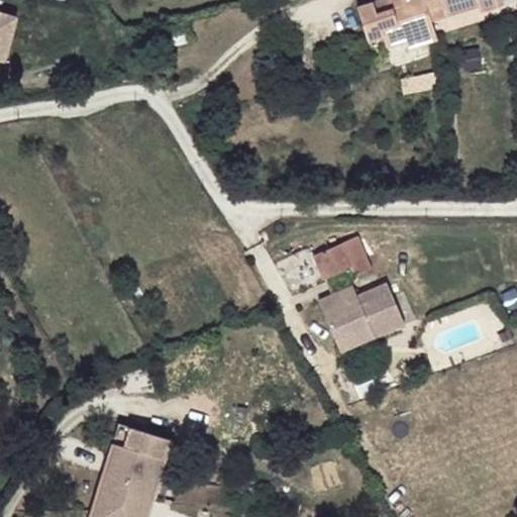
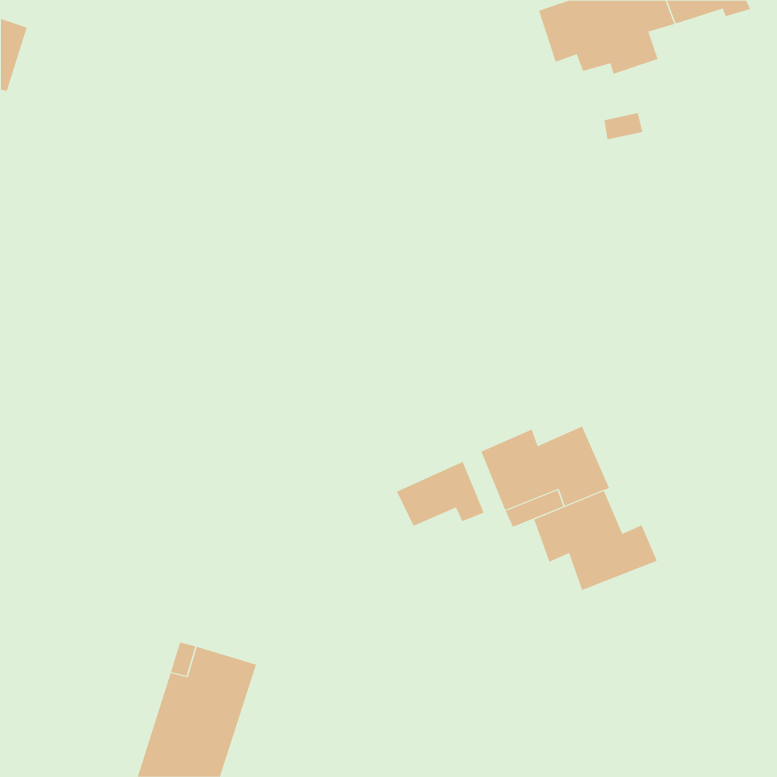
building: [313,235,372,279] -> [396,461,485,527]
building: none -> [534,490,657,591]

